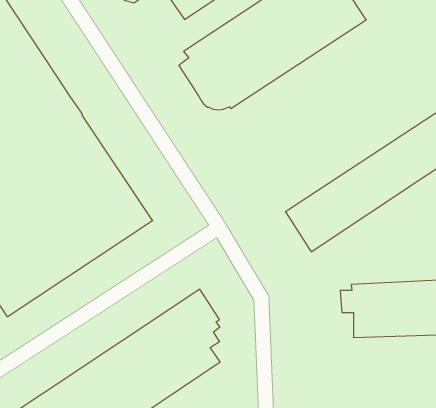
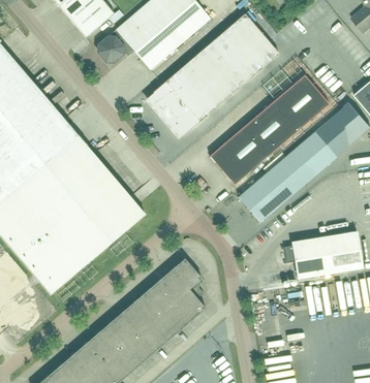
building: none -> [209,74,329,185]

